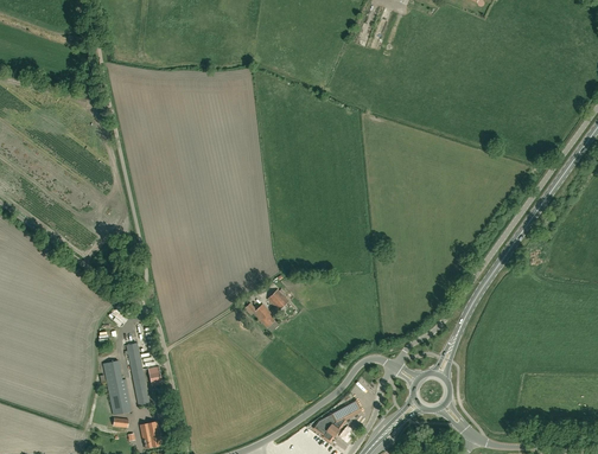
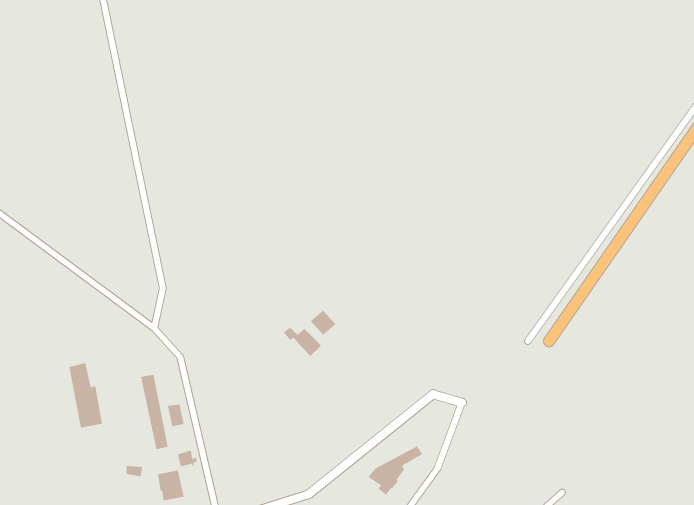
building: [103,360,132,415] -> [69,362,103,428]

